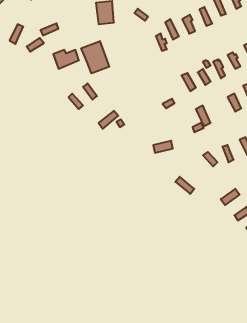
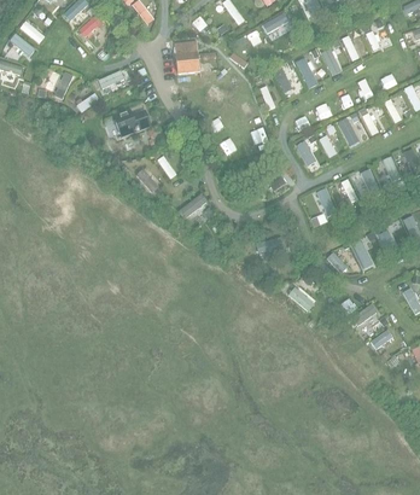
building: [81,41,109,73] -> none

